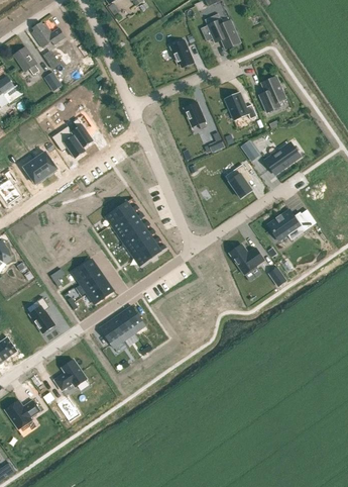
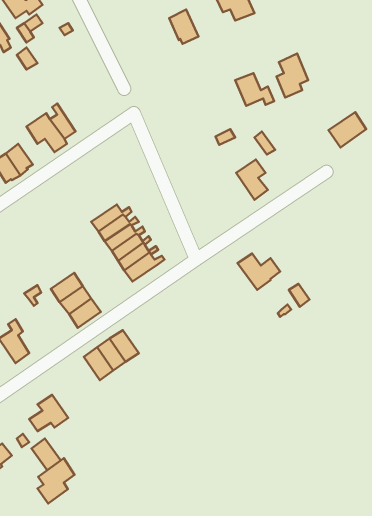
building: [183,101,207,129] -> none
building: [265,143,297,173] -> [328,112,366,147]
building: [268,209,311,239] -> none
building: none -> [38,458,75,504]

